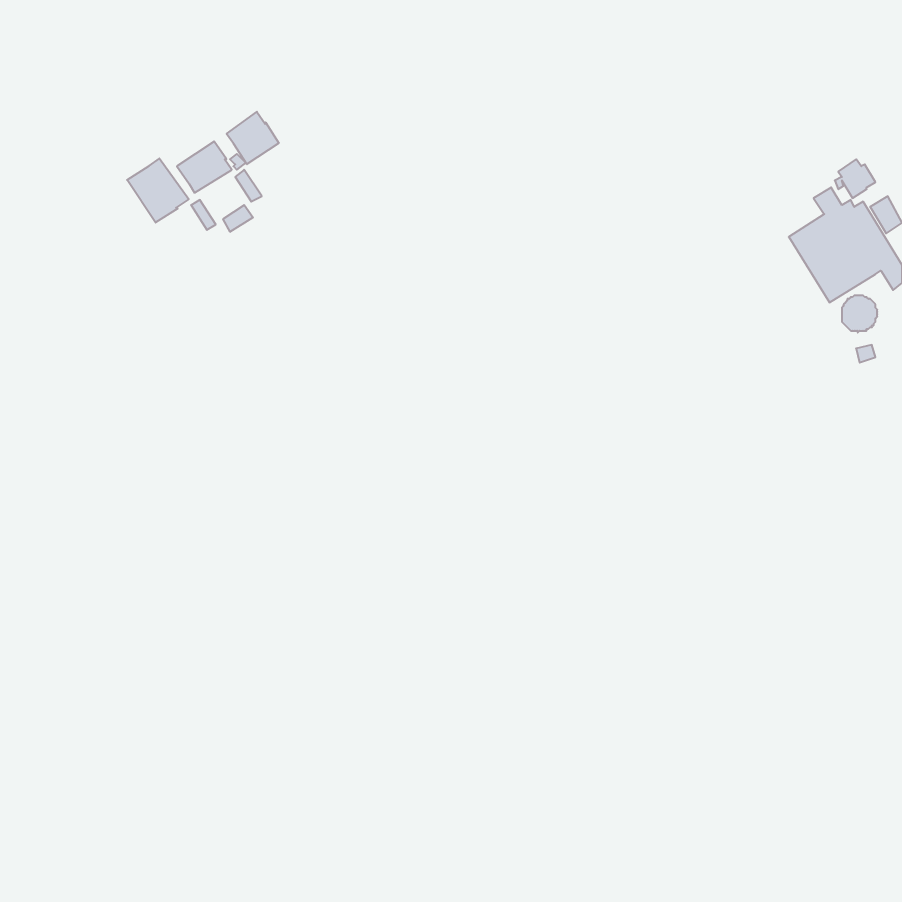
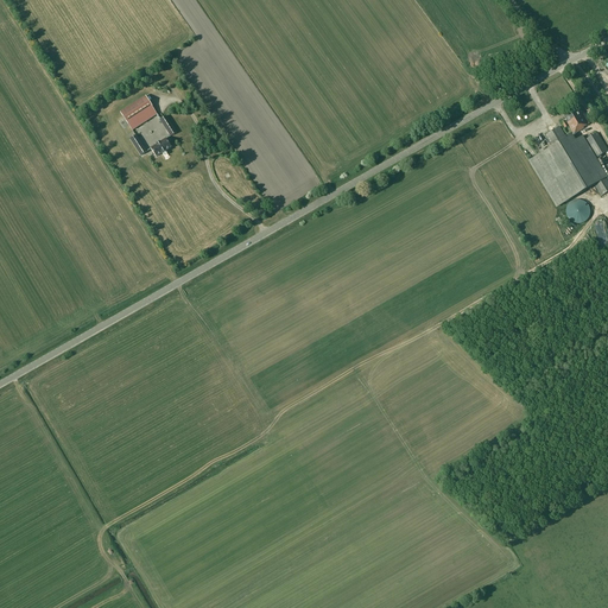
building: [227,112,279,164] -> none
building: [127,158,189,223] -> none

